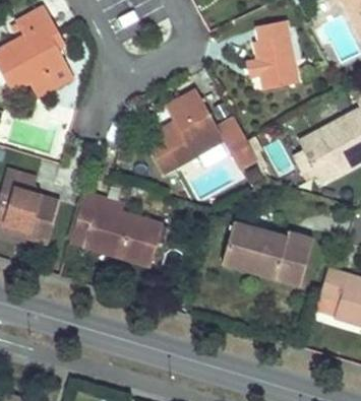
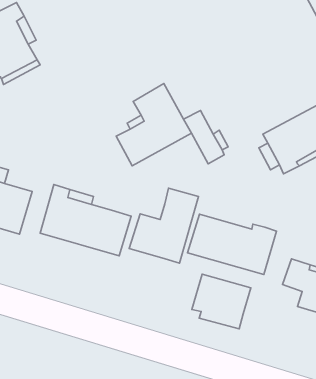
building: [247,19,299,88] -> none
building: none -> [129,188,198,263]
building: none -> [192,274,251,329]

